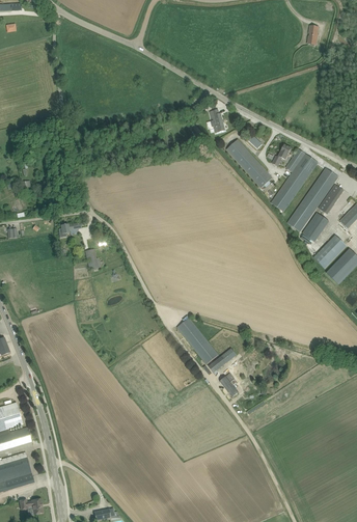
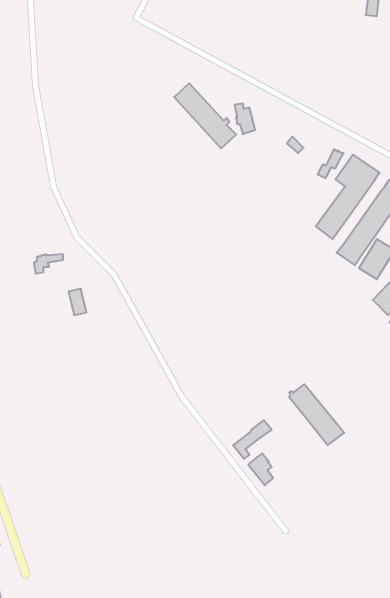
building: [226,139,273,188] -> [174,83,236,148]
building: [177,318,219,363] -> [289,384,344,445]

